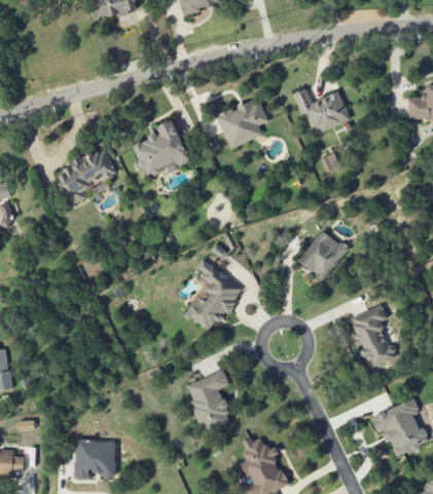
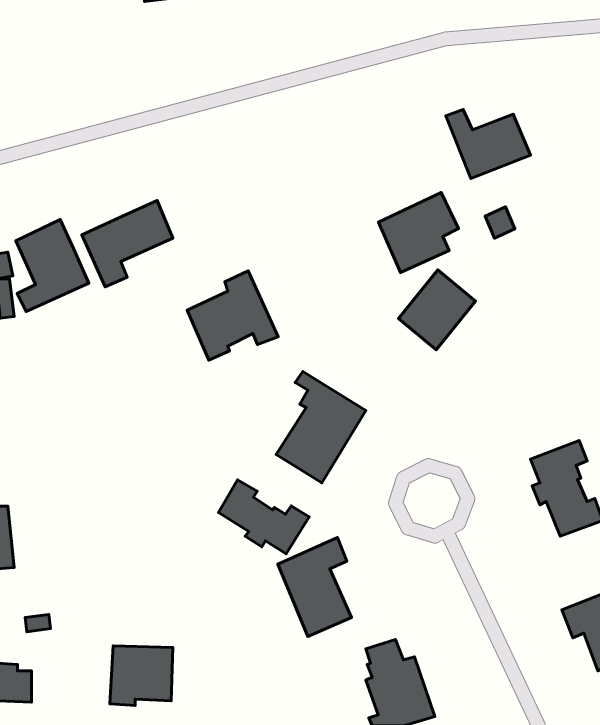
building: [216,97,268,149] -> [378,192,458,272]
building: [132,119,191,178] -> [187,271,278,360]
building: none -> [16,220,89,311]
building: [297,229,348,281] -> [398,270,475,350]
building: none -> [218,480,309,554]

